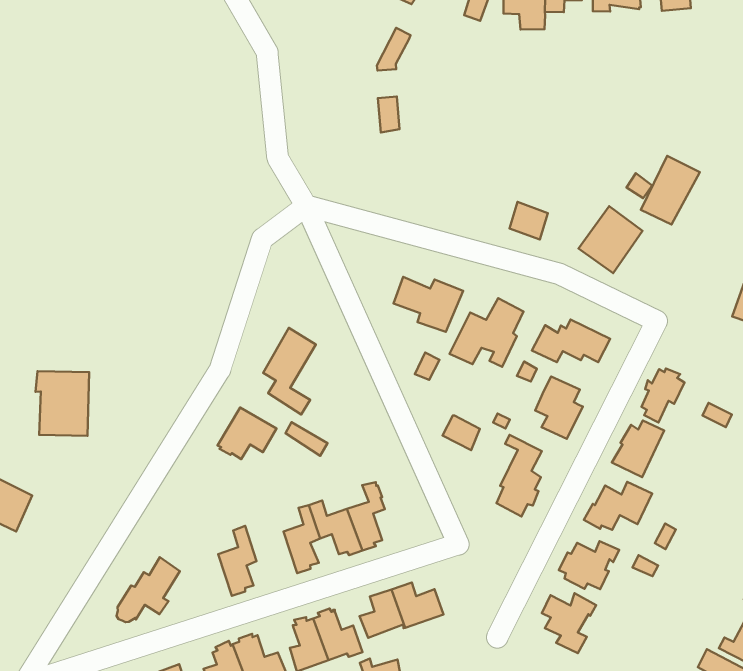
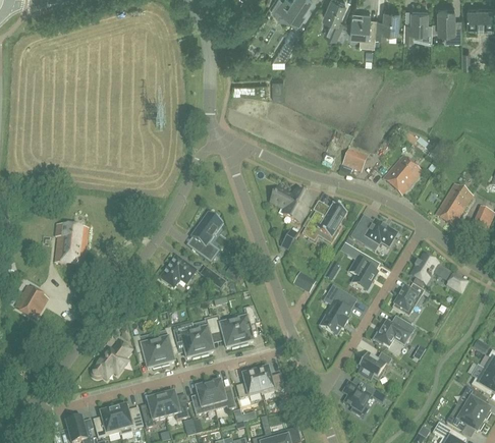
building: [641,156,700,224] -> [436,183,473,224]
building: none -> [172,321,201,357]
building: none -> [132,334,161,368]

